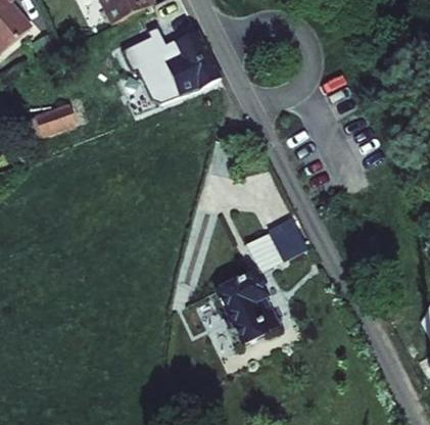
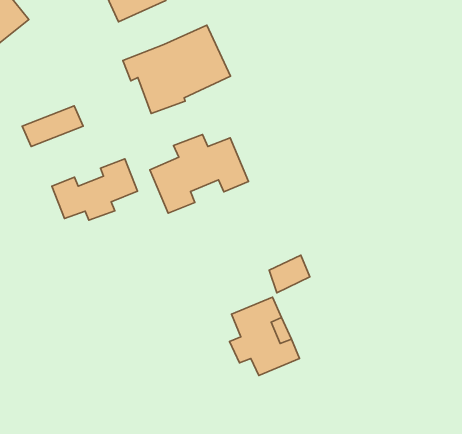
building: none -> [150,135,248,213]
building: none -> [52,159,138,220]

